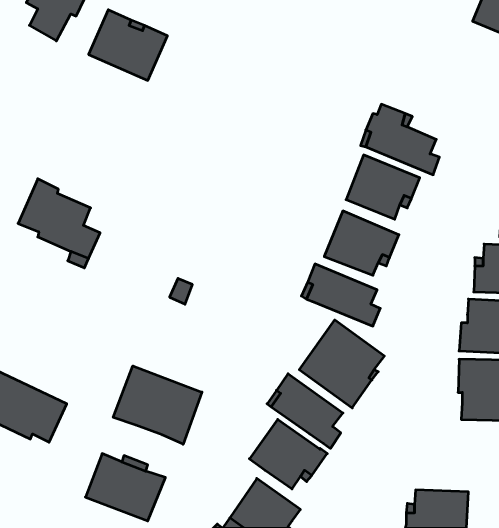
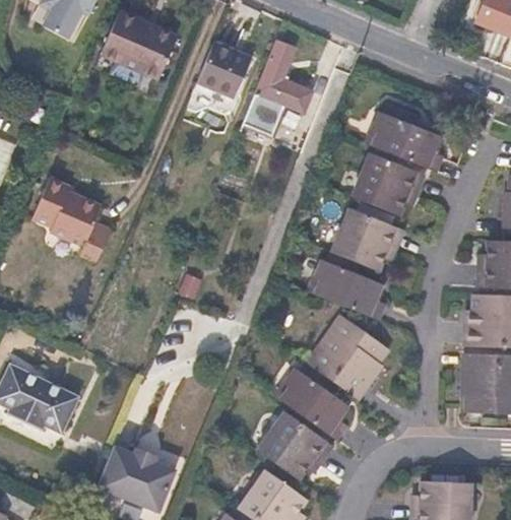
building: none -> [187,40,252,115]
building: none -> [242,40,313,136]
building: [113,366,202,444] -> none

